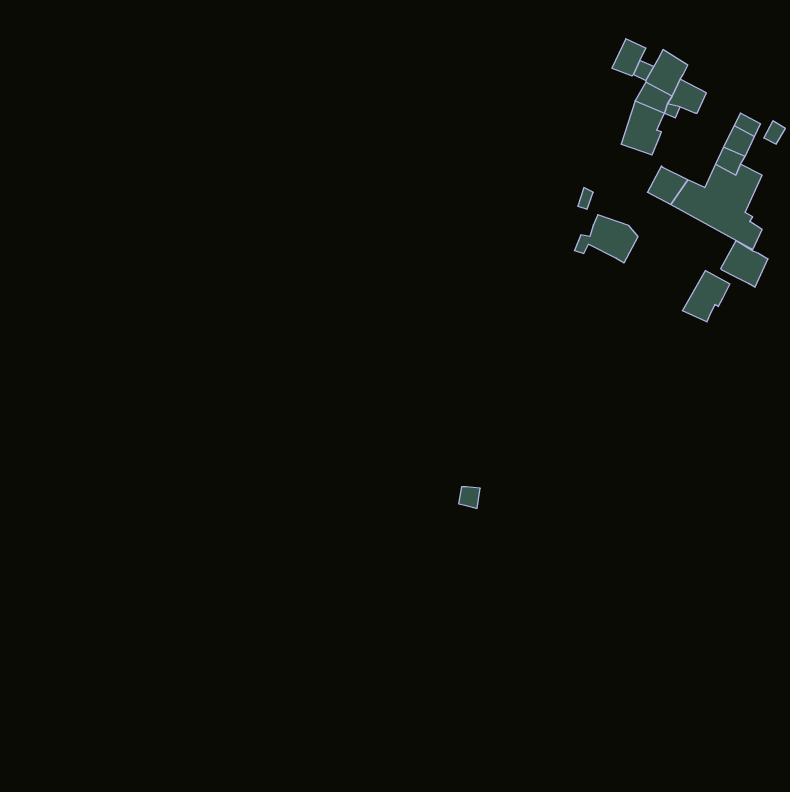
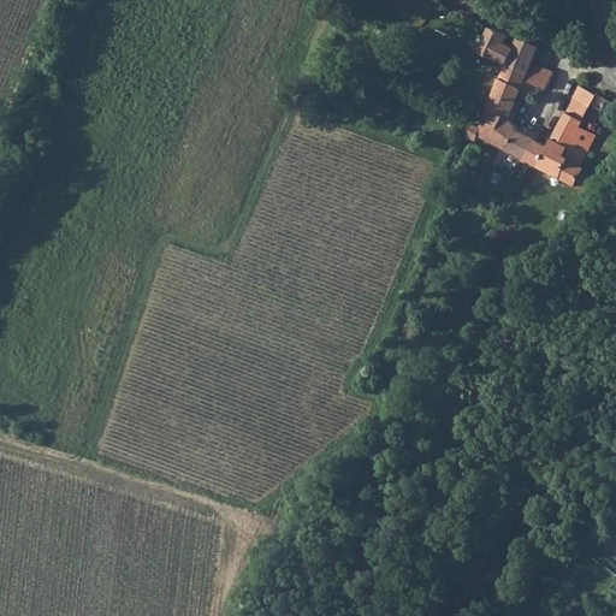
building: [574,215,638,263] -> [466,112,515,149]
building: [721,240,768,287] -> none
building: [682,271,730,322] -> none

